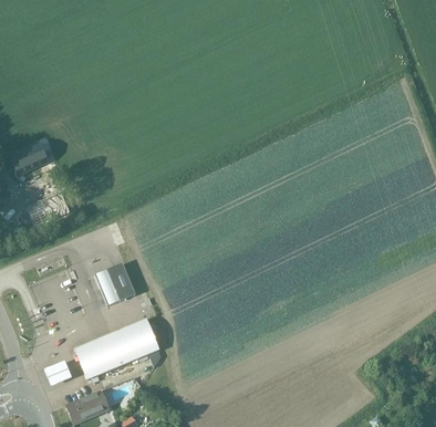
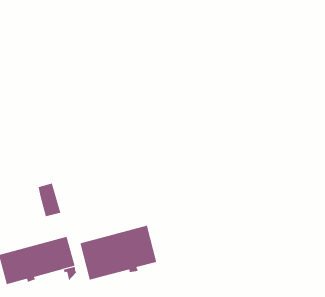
building: none -> [80,225,157,281]

